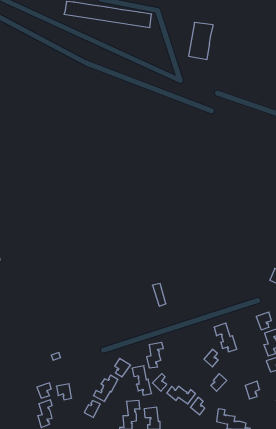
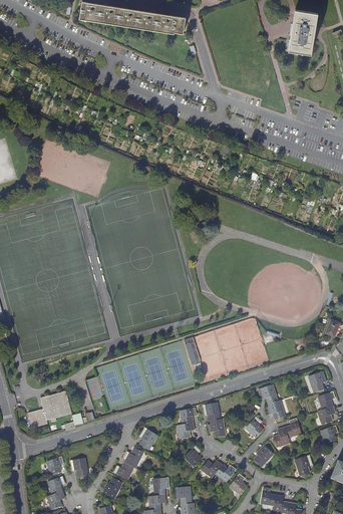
building: [189,22,213,59] -> [288,9,317,53]
building: none -> [28,391,71,427]
building: none -> [273,419,301,448]
building: [132,366,152,395] -> [203,403,226,438]

